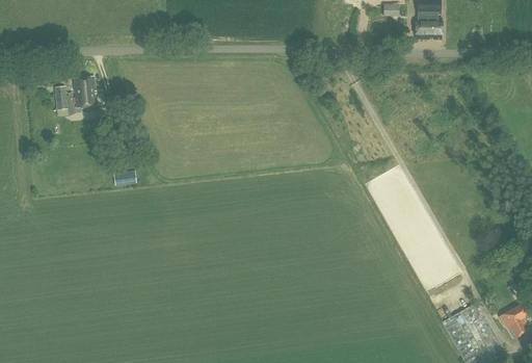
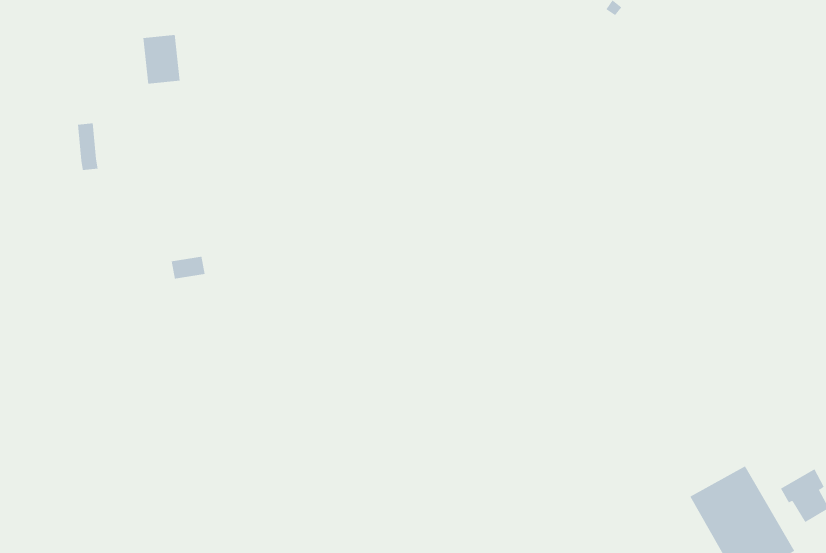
building: [415,16,441,37] -> none
building: [72,75,96,106] -> [143,35,180,84]

